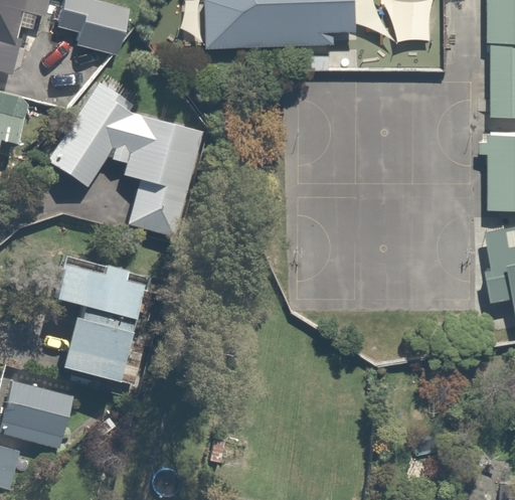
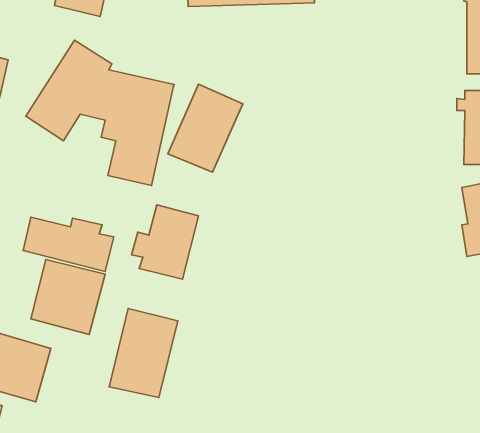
building: none -> [168,84,243,172]
building: none -> [131,205,198,279]
building: none -> [109,308,178,397]

